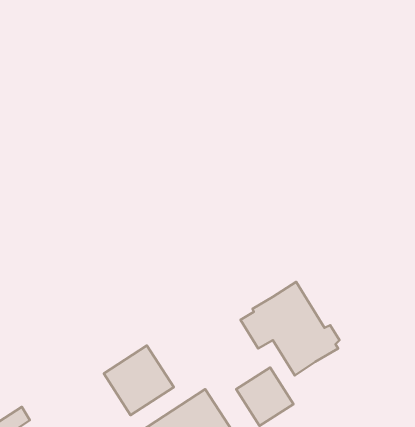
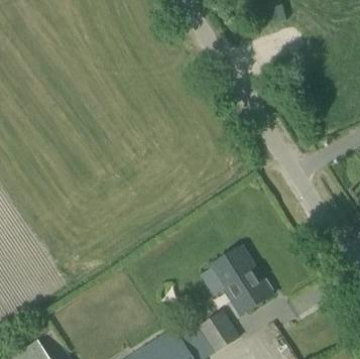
building: [104,345,174,415] -> none

